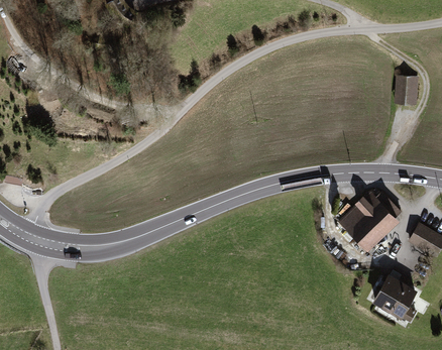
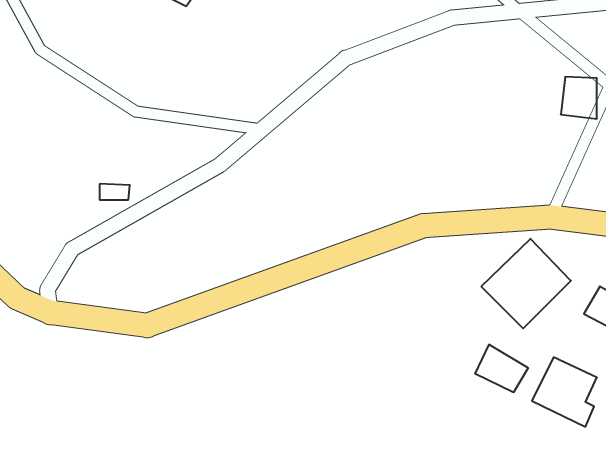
building: none -> [475,344,528,392]

